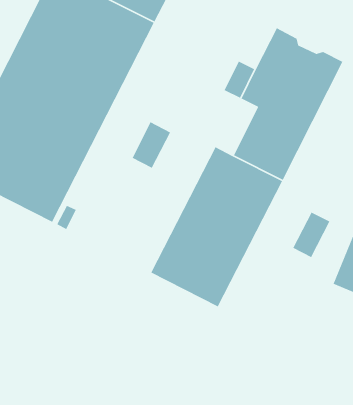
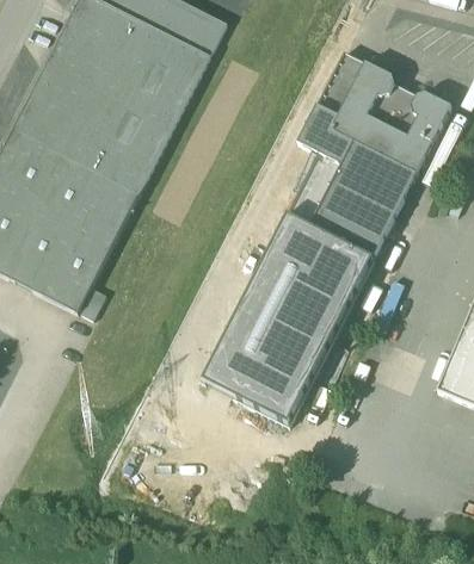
building: none -> [318,50,367,114]
building: [131,121,171,169] -> none
building: [292,211,330,258] -> none

